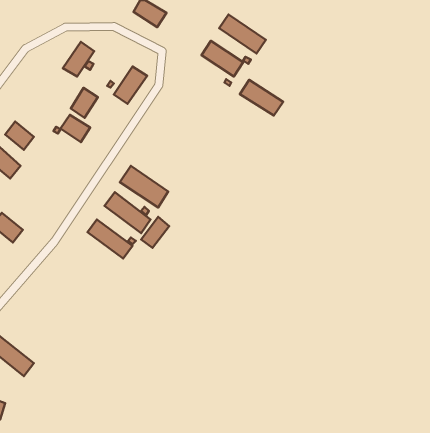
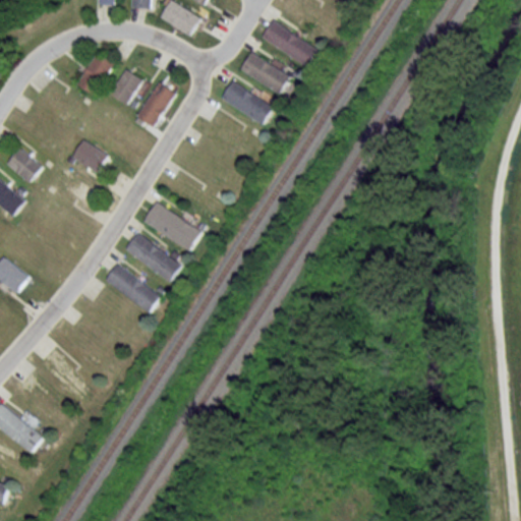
building: [240,80,283,116] -> [222,80,274,123]
building: [71,88,98,118] -> [110,68,142,104]
building: [141,217,169,248] -> none

